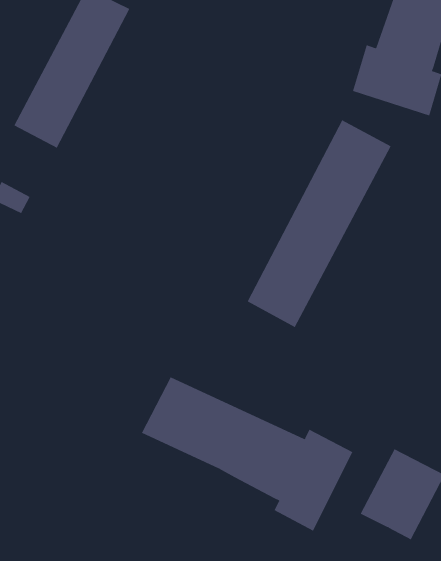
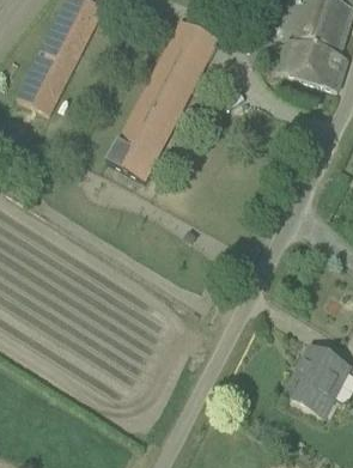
building: [247,120,391,328] -> [108,19,219,180]
building: [141,377,353,531] -> none

